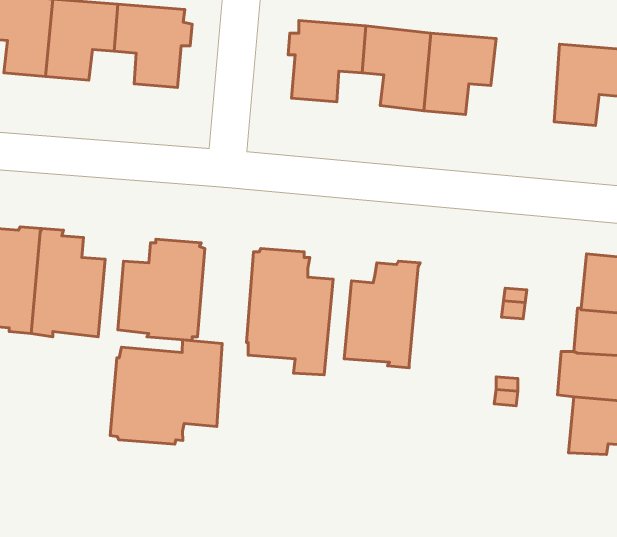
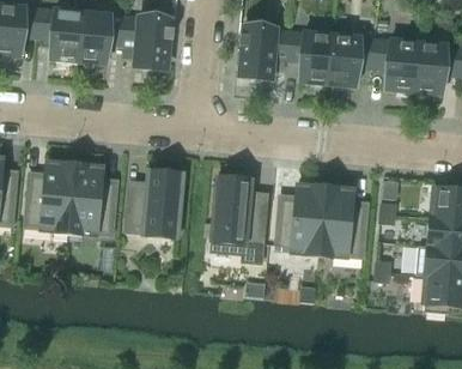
building: none -> [371,37,417,92]
building: none -> [317,186,366,256]
building: [110,340,222,444] -> none

